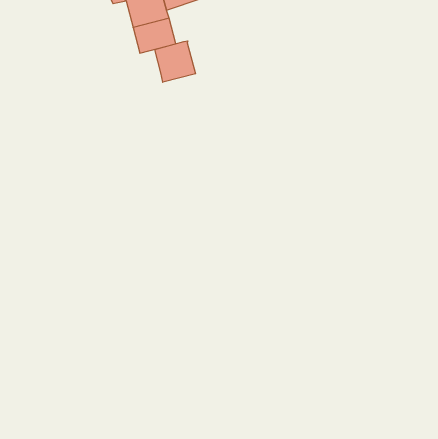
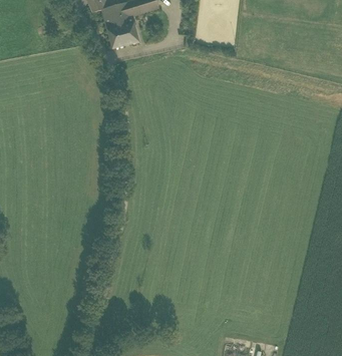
building: [155,41,196,82] -> none

